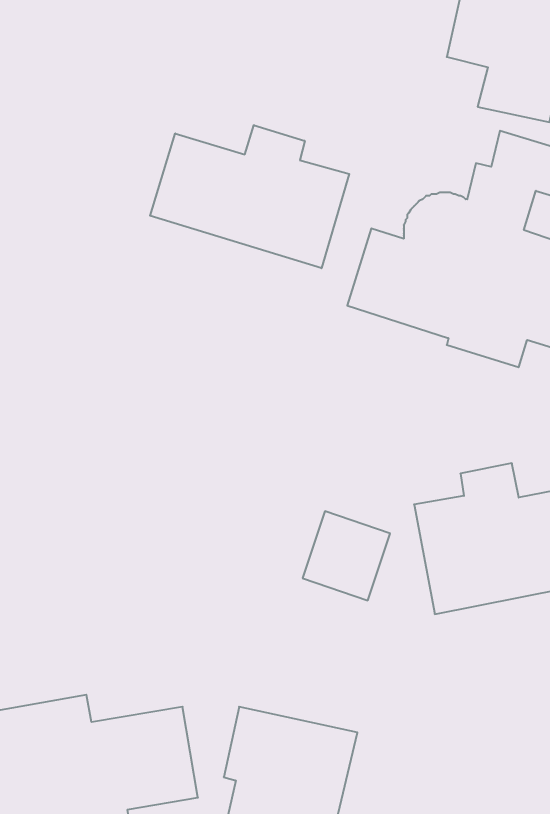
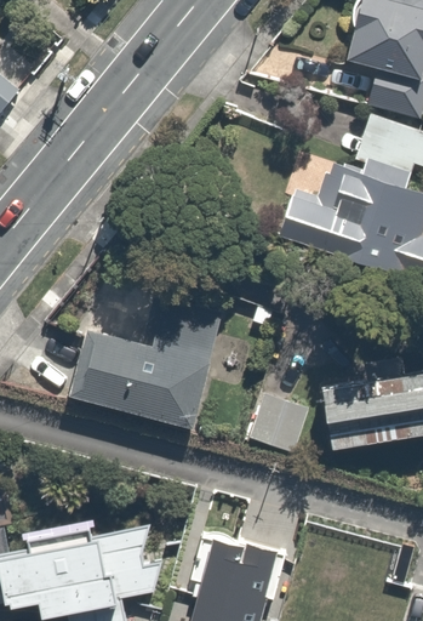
building: [150,125,349,268] -> none
building: none -> [73,298,221,423]

